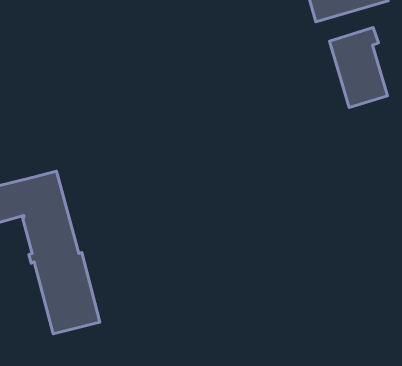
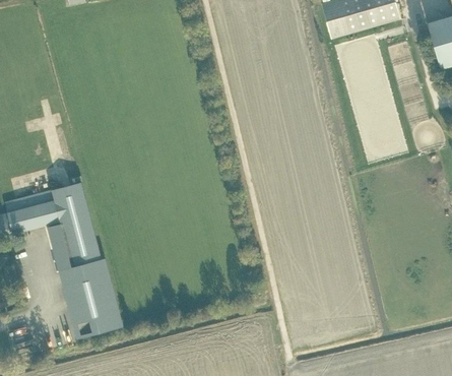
building: [329,27,388,108] -> none

